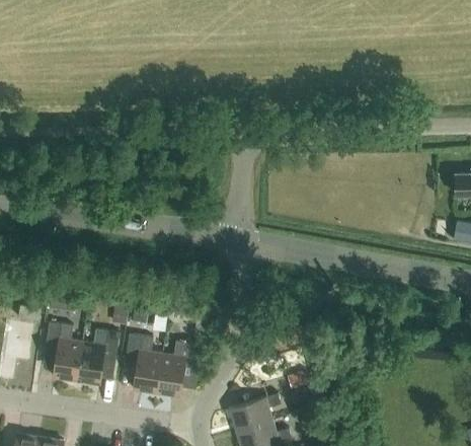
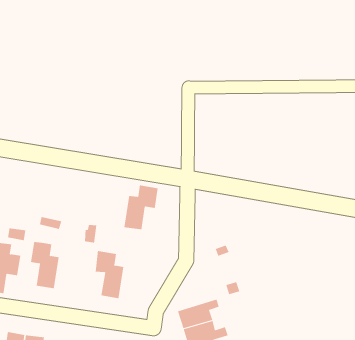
building: [76,328,120,384] -> none
building: [156,341,200,396] -> [124,185,159,230]

